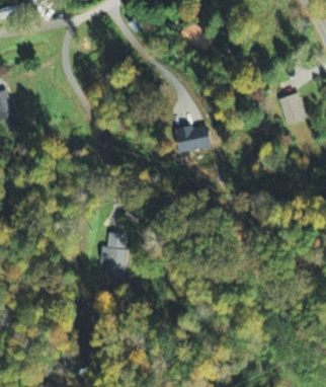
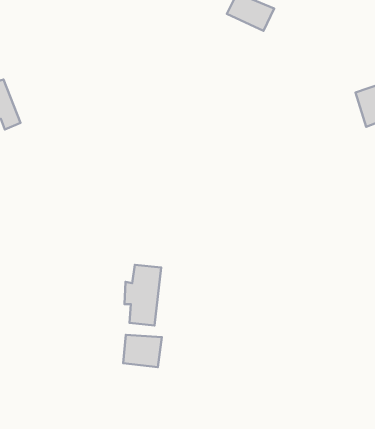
building: [180,127,216,154] -> none
building: none -> [123,335,162,367]

